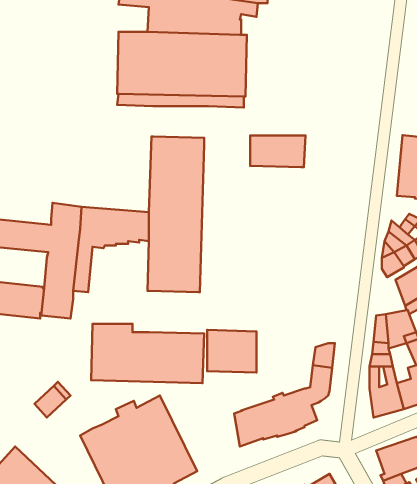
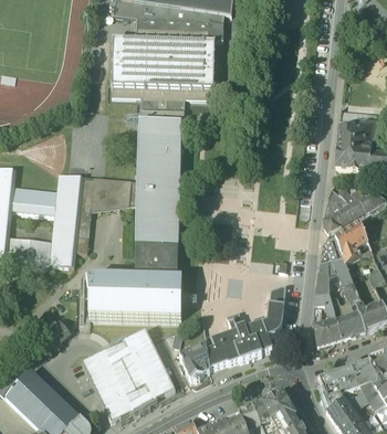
building: [250,135,305,167] -> [140,96,185,121]
building: [207,330,257,373] -> [137,244,177,278]
building: none -> [180,339,210,379]

